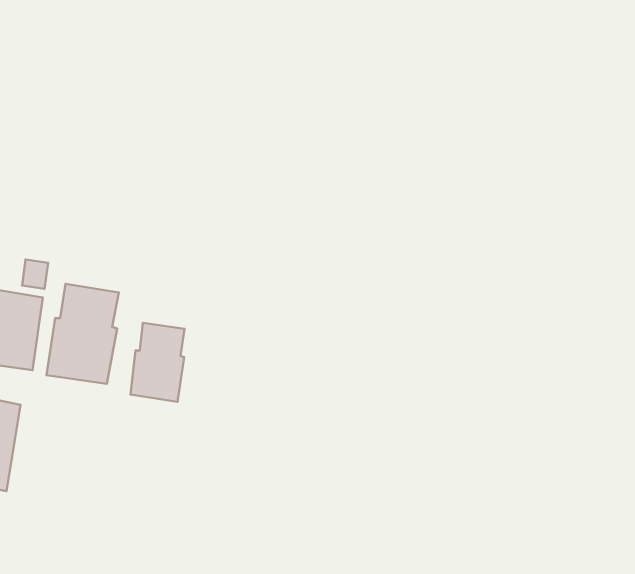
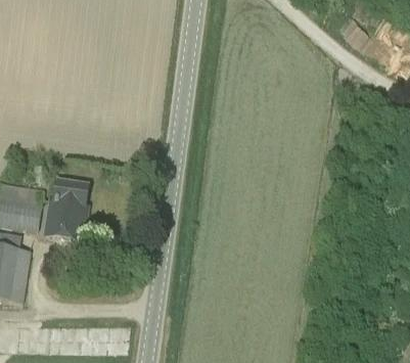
building: [131,323,185,402] -> none

